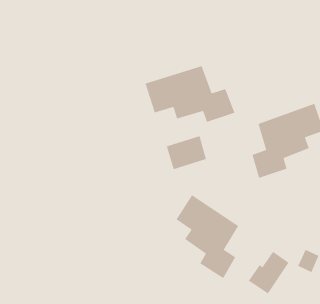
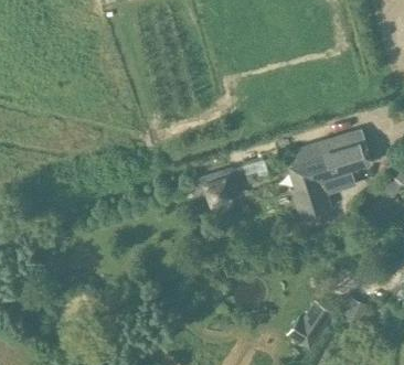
building: [144,65,236,123] -> none
building: [175,194,239,279] -> none

